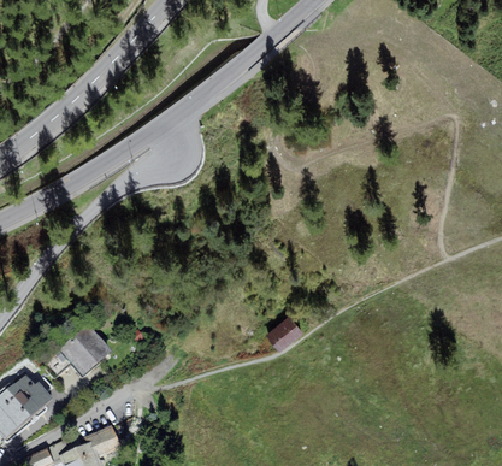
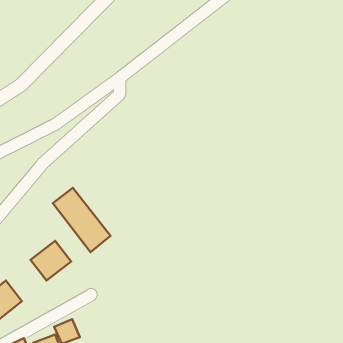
building: none -> [53,188,110,252]
building: [268,313,303,346] -> none

